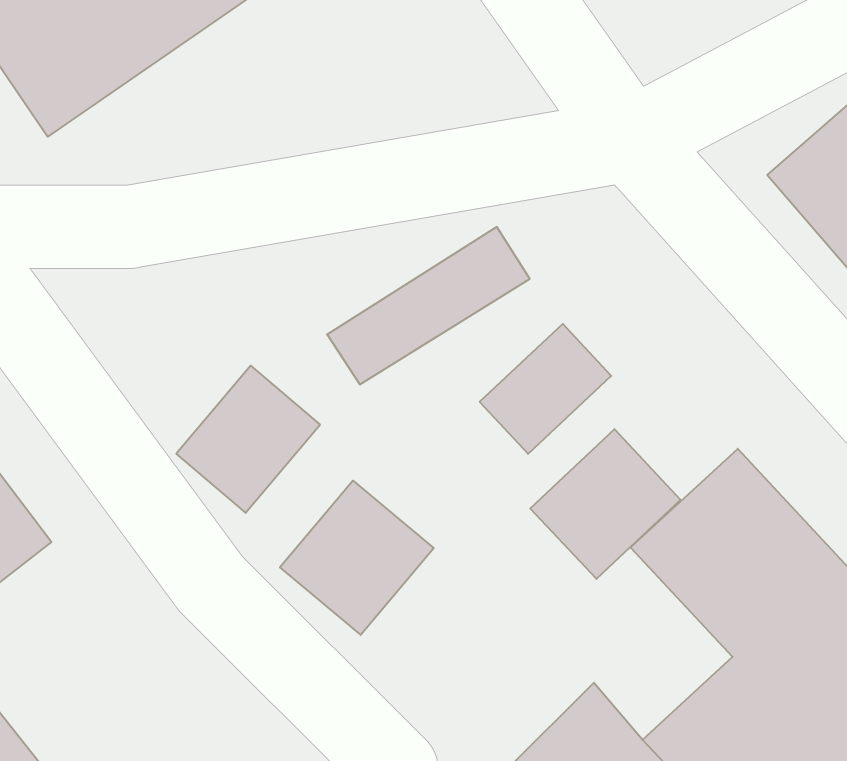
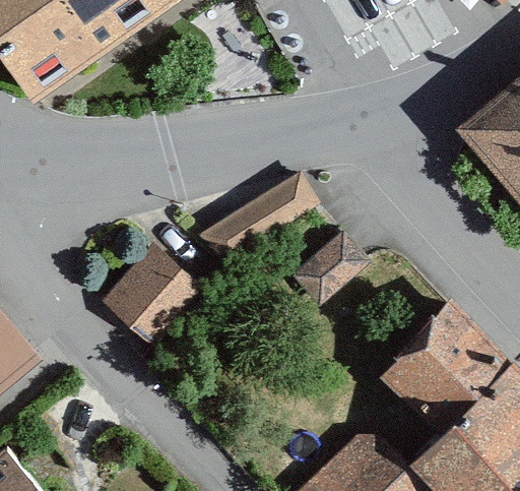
building: [530,429,681,579] -> none
building: [280,481,434,635] -> none

